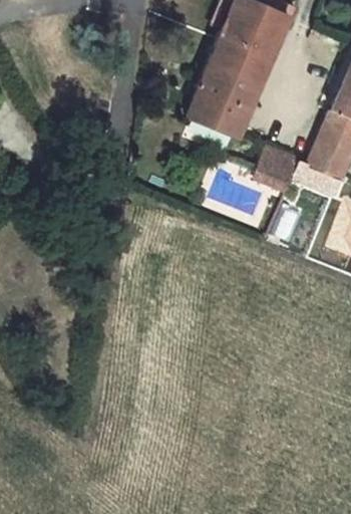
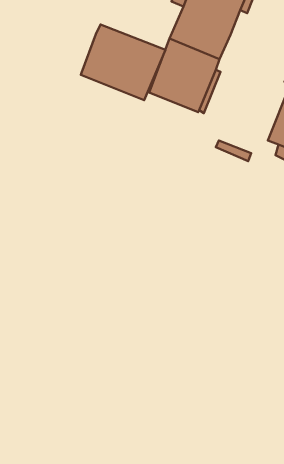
building: none -> [81,24,165,100]

